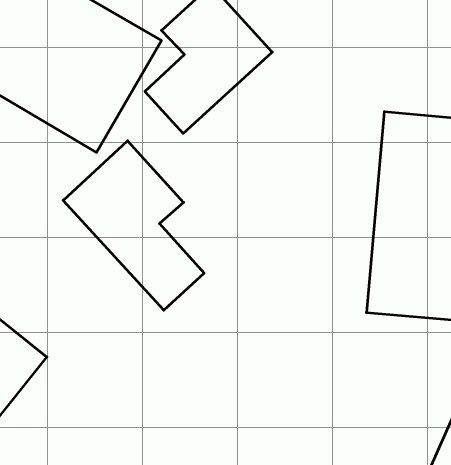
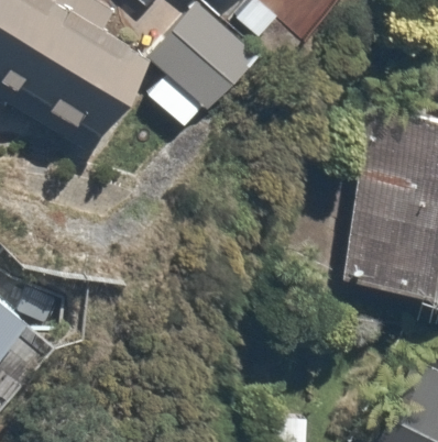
building: [63,141,204,310] -> none

